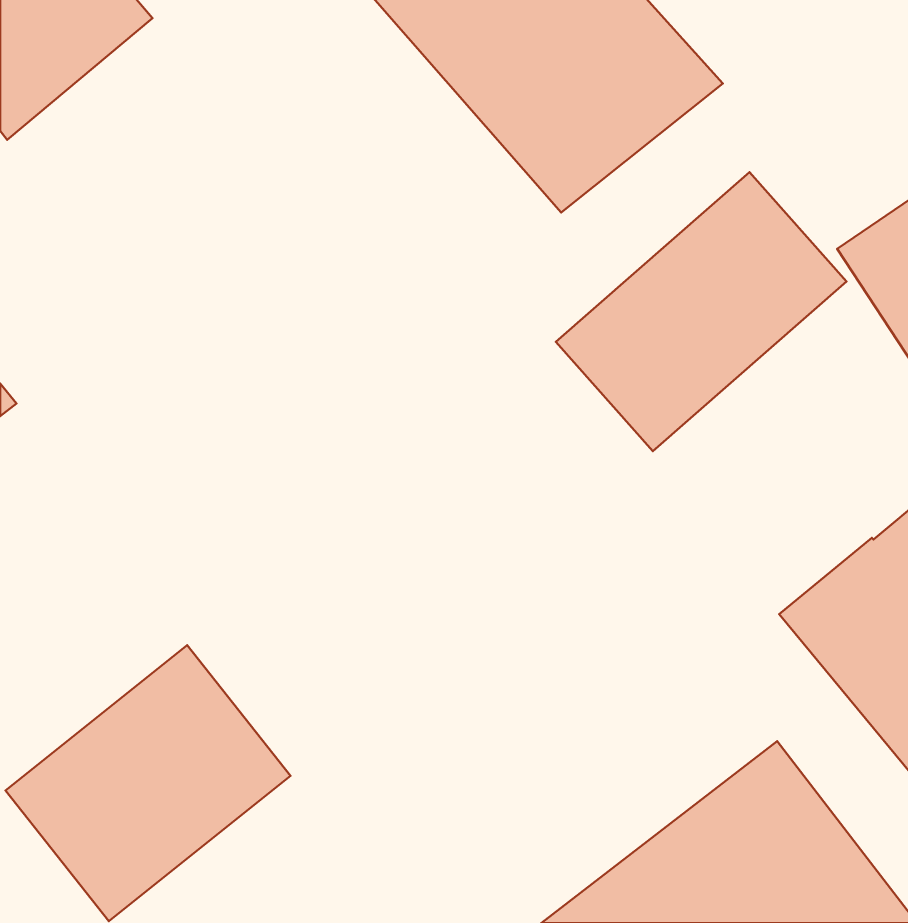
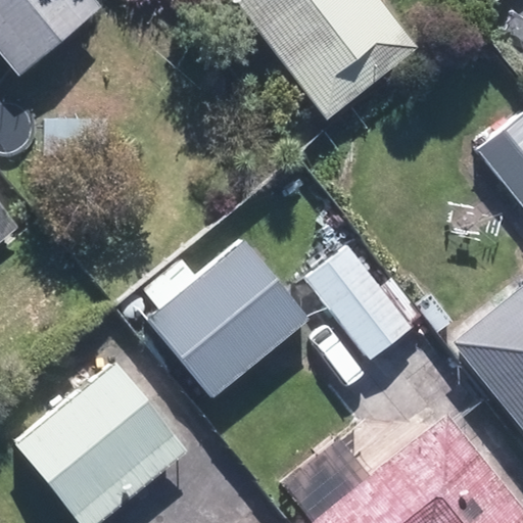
building: [556,172,847,451] -> none
building: none -> [311,241,425,358]
building: none -> [149,242,308,397]

